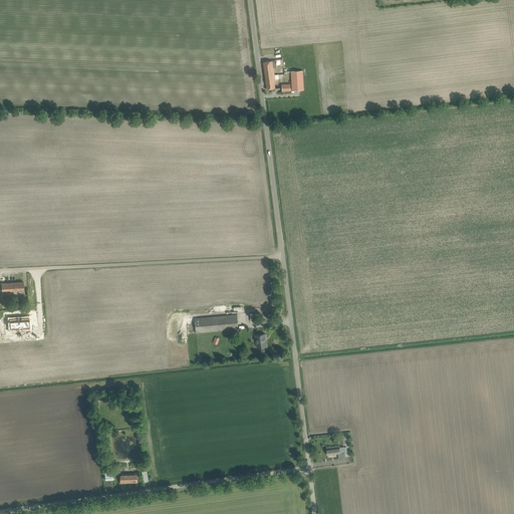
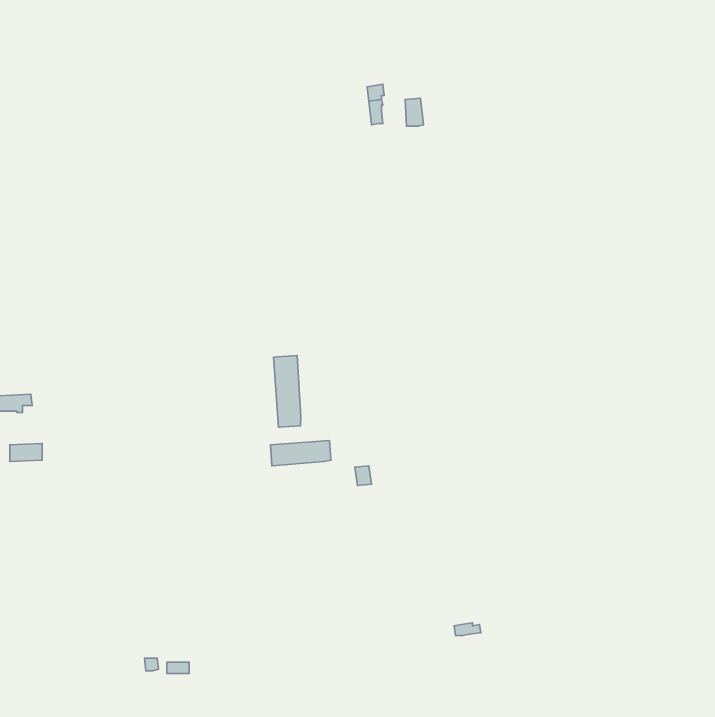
building: none -> [274,355,301,427]

